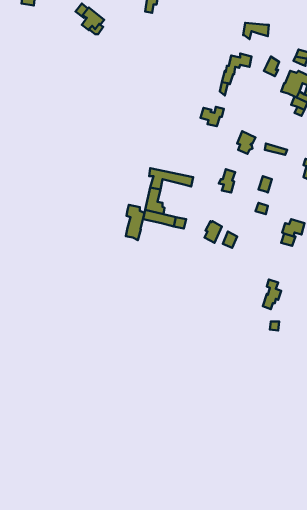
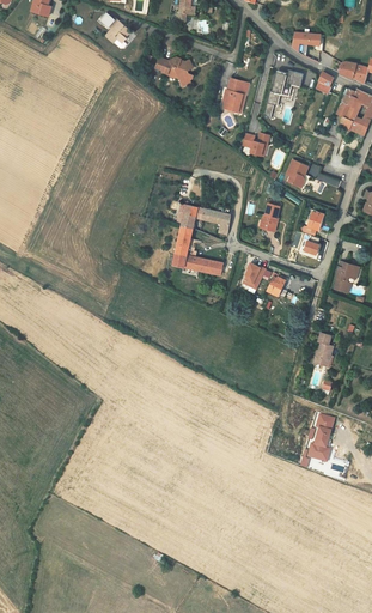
building: none -> [153,55,191,85]
building: none -> [220,75,245,109]
building: [126,205,145,240] -> none
building: none -> [309,414,336,462]

